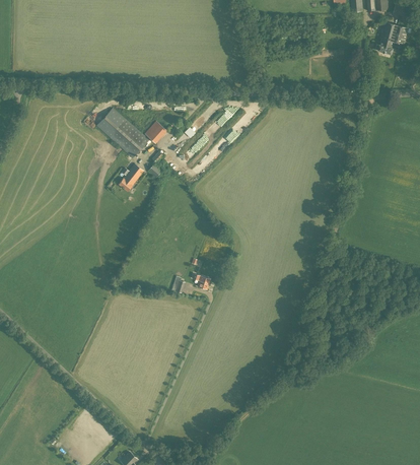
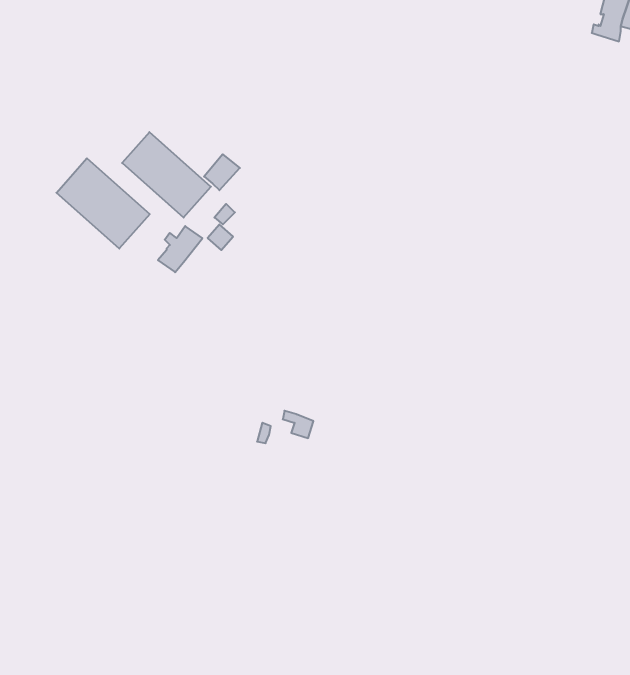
building: none -> [56,158,150,249]

